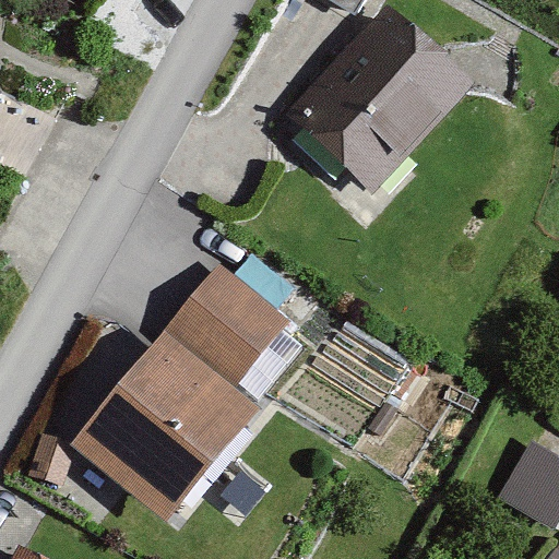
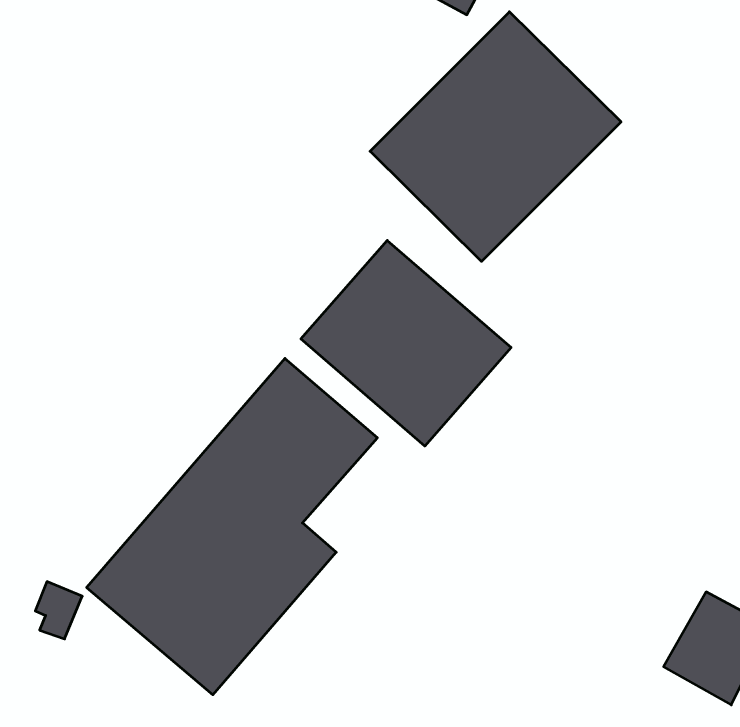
building: none -> [301,240,511,446]

